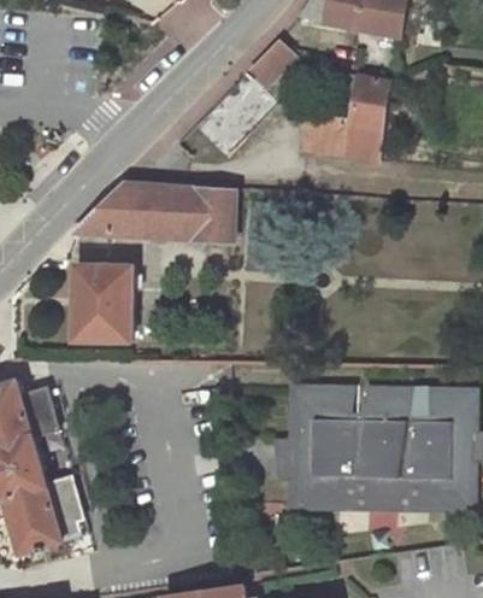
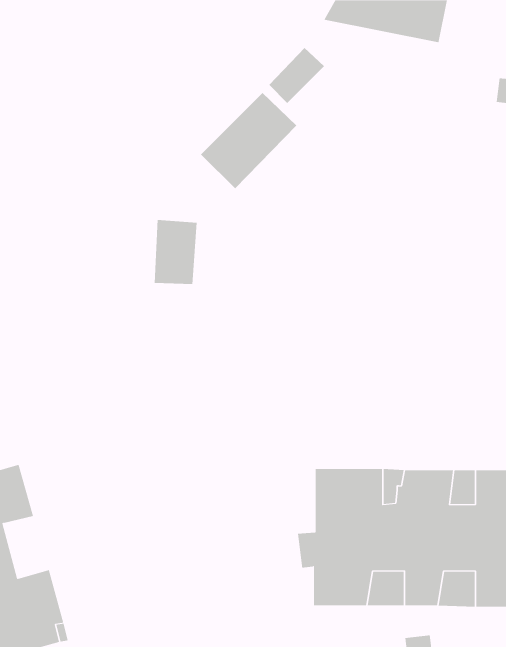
building: [301,71,388,162] -> none
building: [75,182,159,238] -> none
building: [189,187,232,241] -> none
building: [73,265,130,339] -> none

